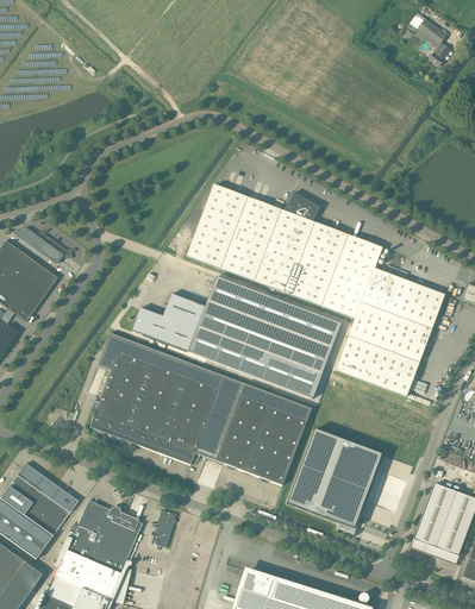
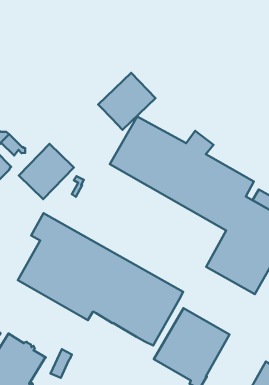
building: none -> [98,73,155,130]
building: none -> [19,144,74,199]
building: [131,276,340,398] -> none

